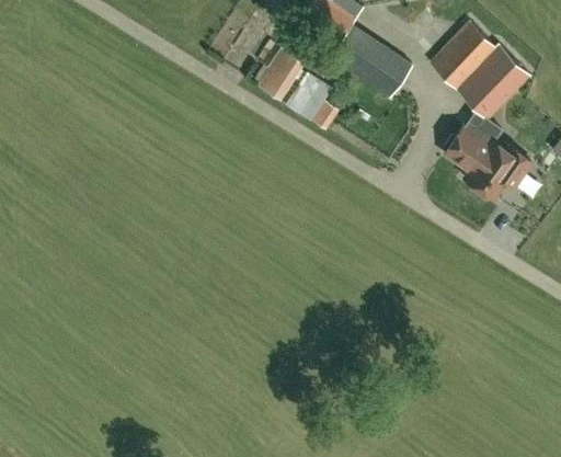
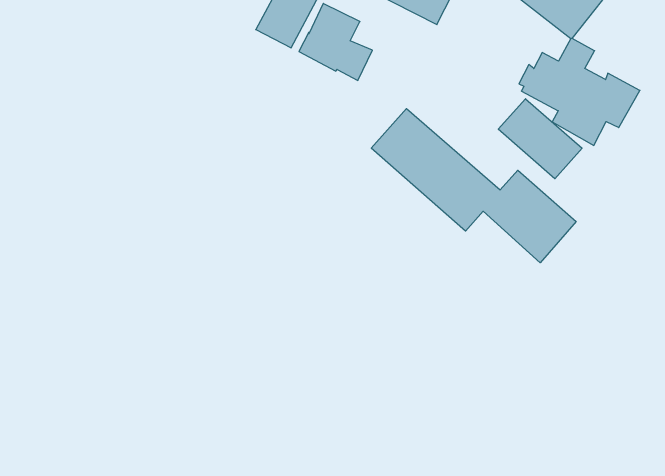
building: none -> [371,109,576,263]
building: none -> [498,99,582,179]

